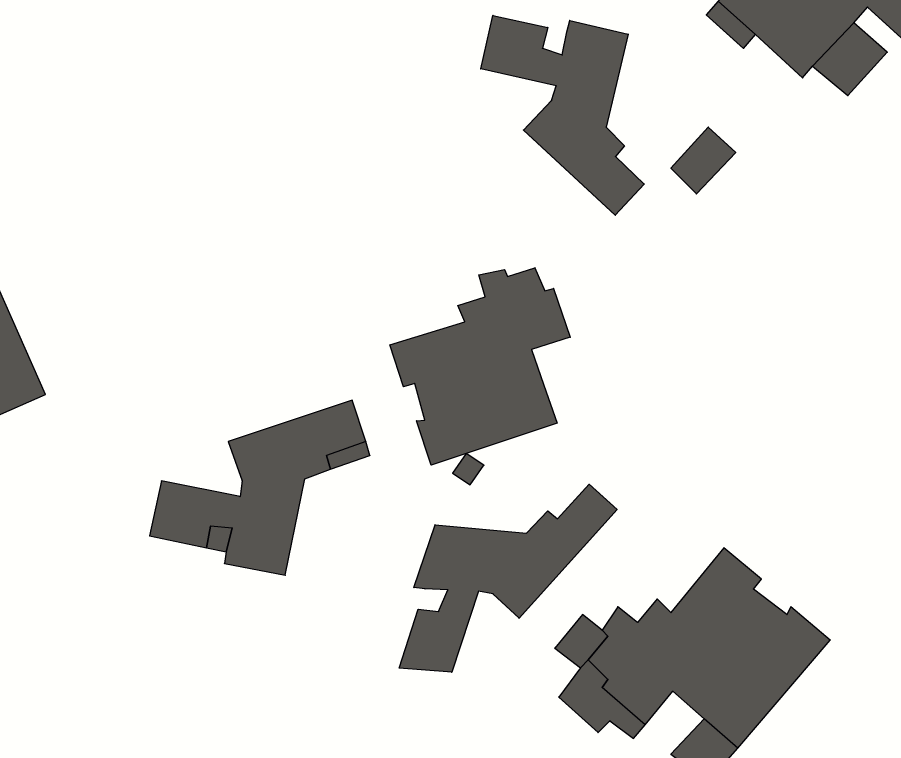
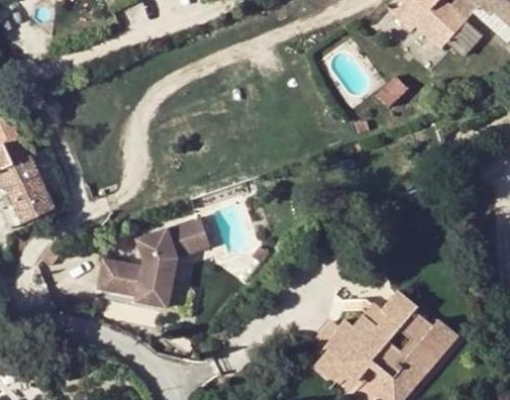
building: [481,15,644,215] -> none
building: [390,268,570,465] -> none
building: [399,484,617,672] -> none

